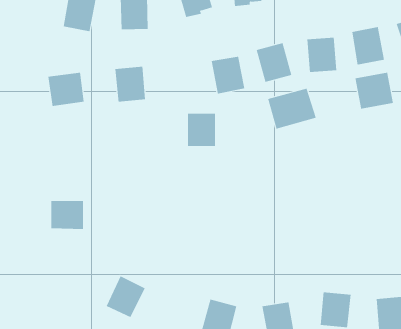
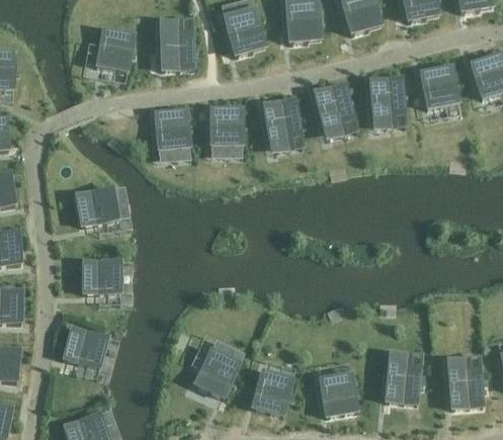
building: [355,72,394,109] -> none
building: [47,72,84,106] -> [77,186,118,225]
building: [268,88,316,130] -> none
building: [187,113,216,147] -> [211,107,243,145]
building: none -> [64,327,108,367]
building: [106,275,145,318] -> [195,349,240,397]

